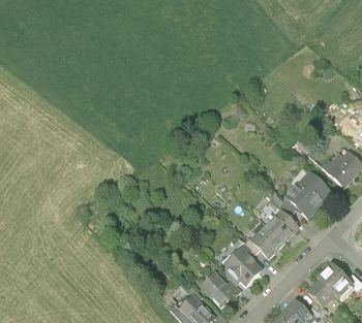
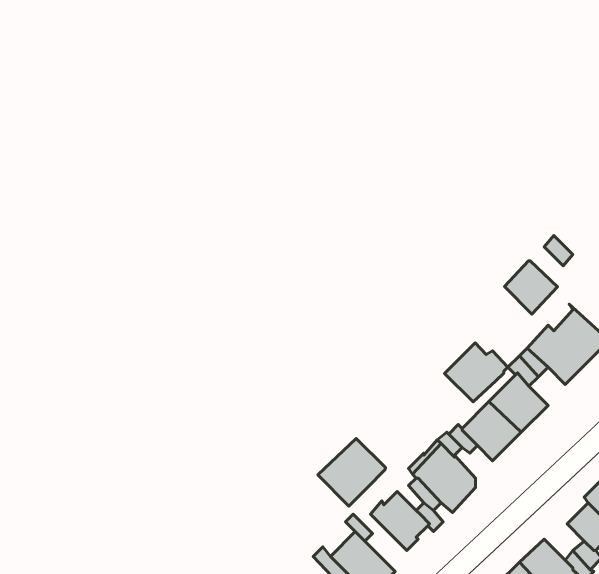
building: none -> [504,261,558,314]
building: none -> [445,343,508,402]
building: none -> [318,438,385,506]

